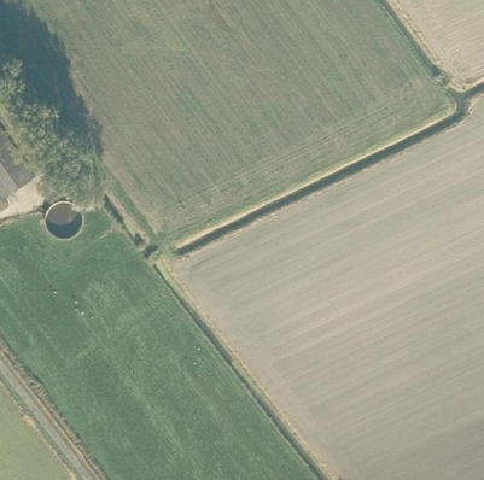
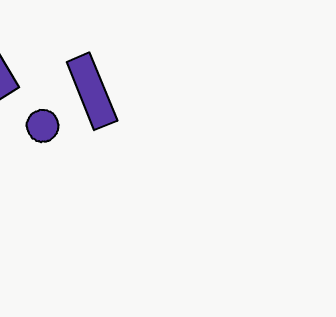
building: none -> [67,52,117,130]

